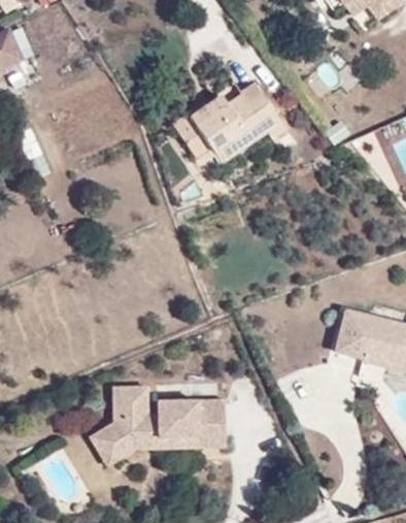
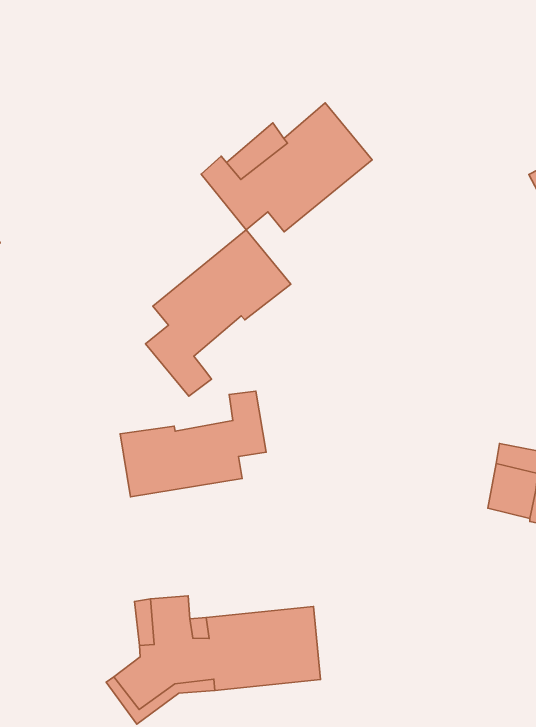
building: none -> [145,230,291,396]
building: none -> [120,391,266,497]

